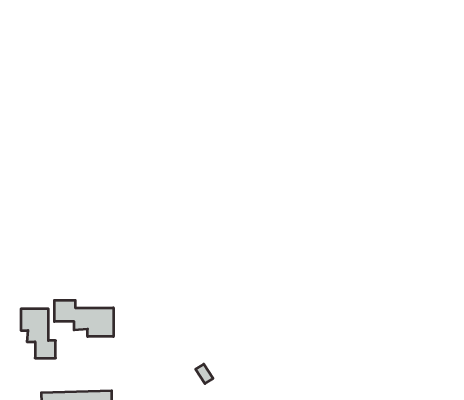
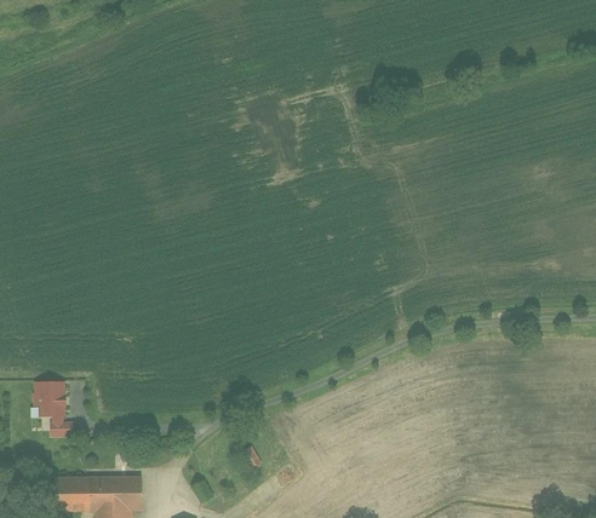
building: [54,300,113,337] -> none

